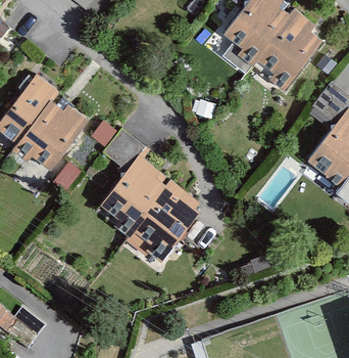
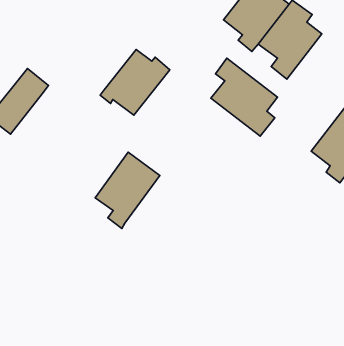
building: none -> [211,58,278,136]
building: [17,104,85,168] -> [100,50,170,115]
building: [132,183,200,259] -> none

